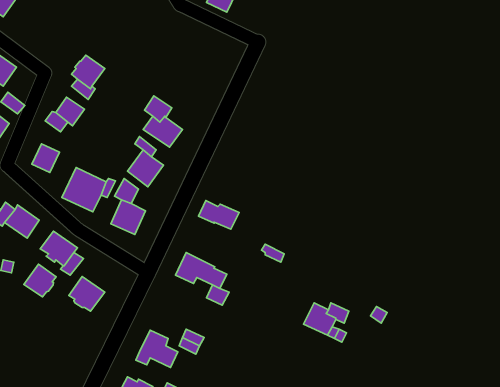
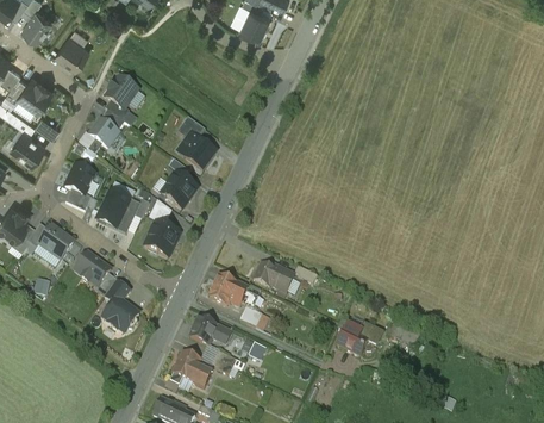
building: none -> [56,35,88,67]
building: [199,201,239,229] -> [255,262,295,291]
building: [24,264,56,297] -> none
building: none -> [192,317,226,344]

